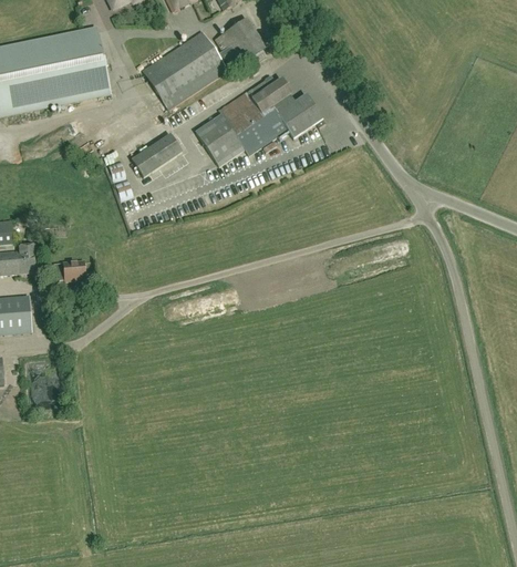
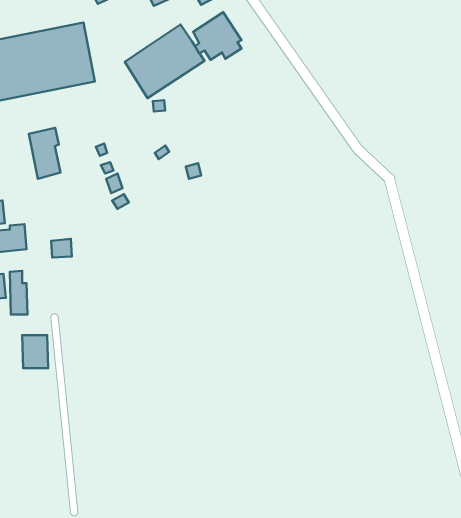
building: [195,74,324,165] -> none
building: [132,132,182,175] -> none
building: none -> [29,128,60,179]

